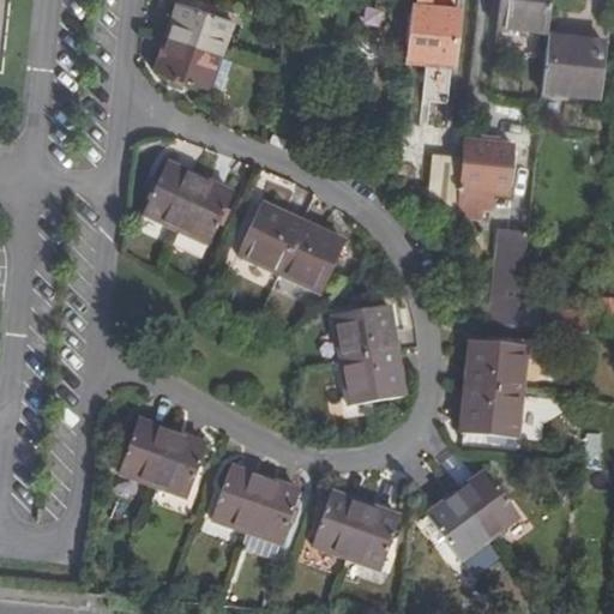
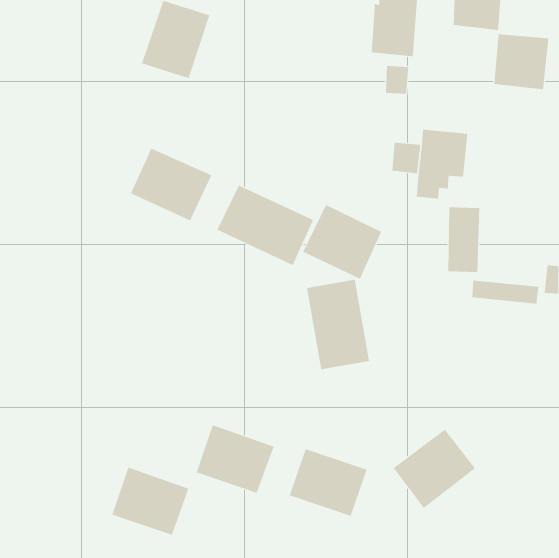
building: none -> [303,204,382,279]
building: [462,341,525,438] -> none
building: [122,420,207,495] -> [111,467,189,536]

